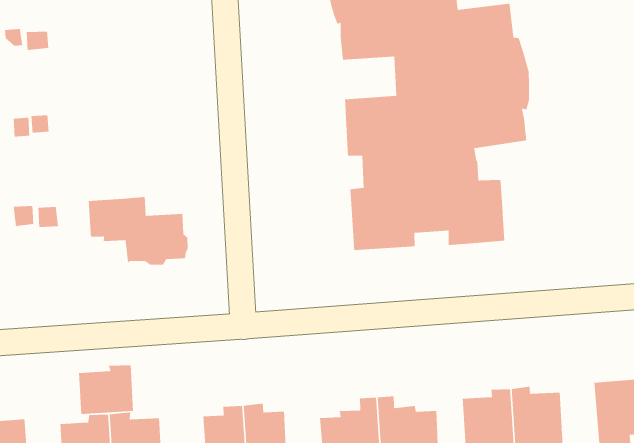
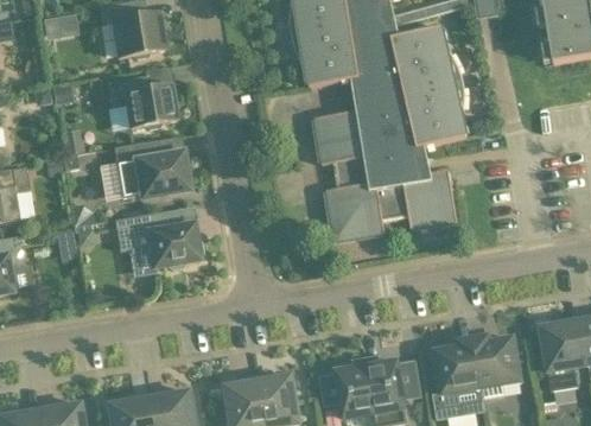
building: none -> [107,75,176,127]
building: none -> [114,139,188,196]
building: [78,364,134,415] -> none

